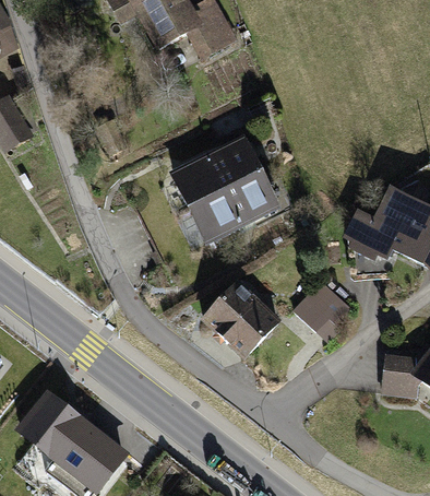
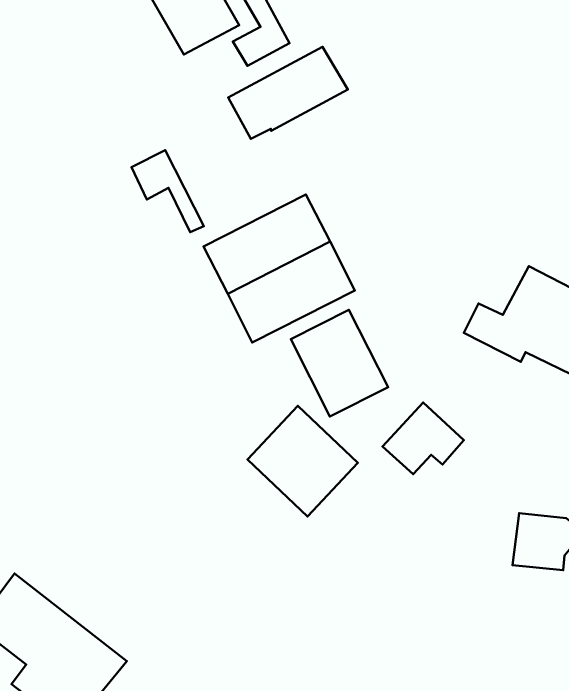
building: none -> [228,47,348,139]
building: none -> [132,150,204,232]
building: none -> [291,310,388,417]

